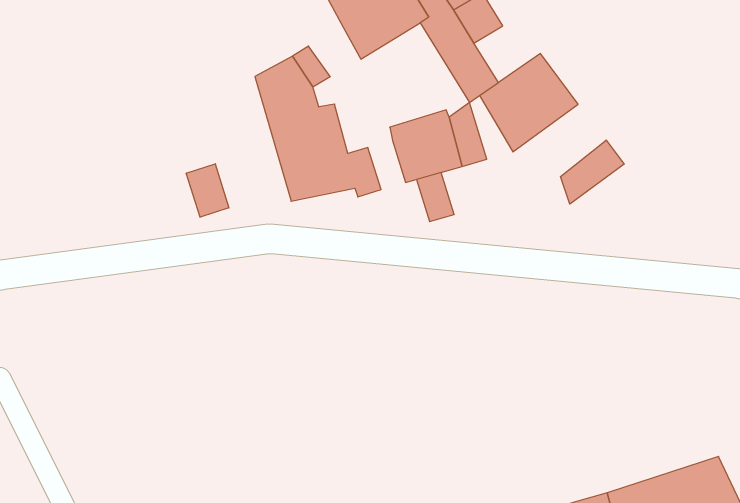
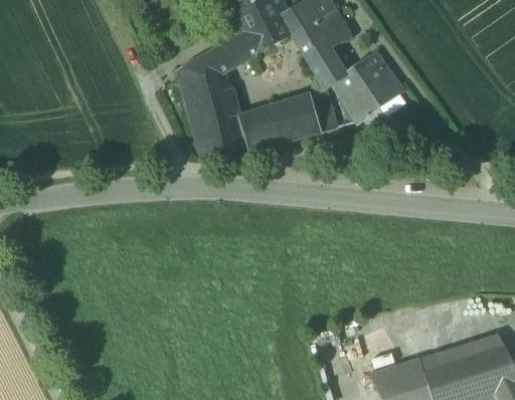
building: none -> [214,35,250,69]
building: [561,140,624,204] -> none
building: [186,164,229,217] -> none
building: [417,172,454,222] -> [255,114,282,148]

